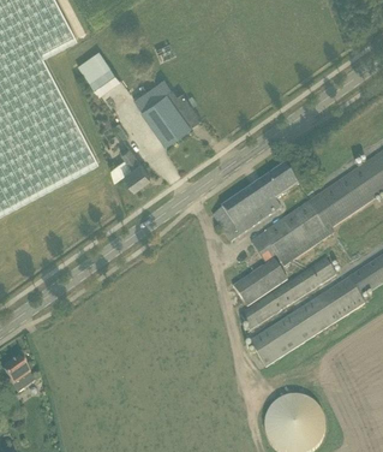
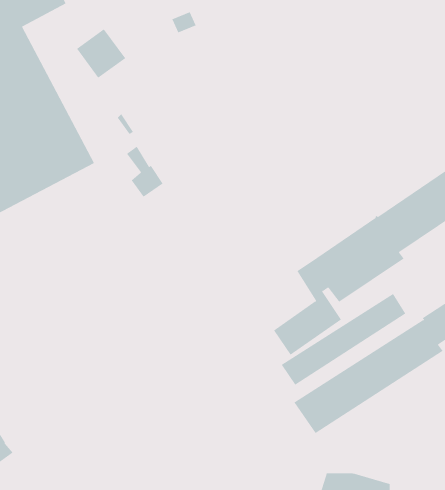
building: [131,78,199,141] -> none
building: [211,163,297,240] -> none

